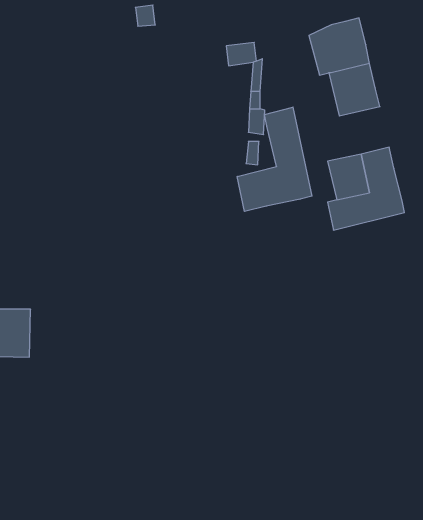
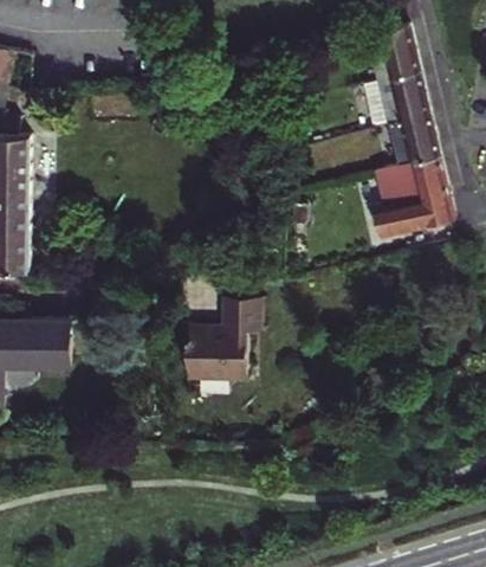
building: none -> [384,115,435,166]
building: [237,107,312,211] -> none
building: none -> [187,296,261,379]

